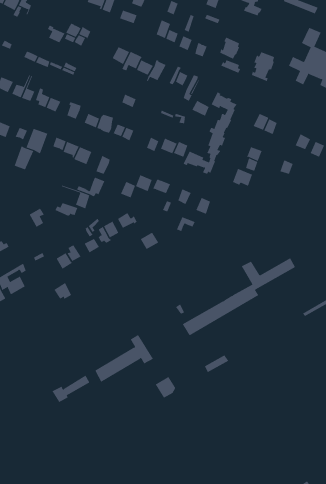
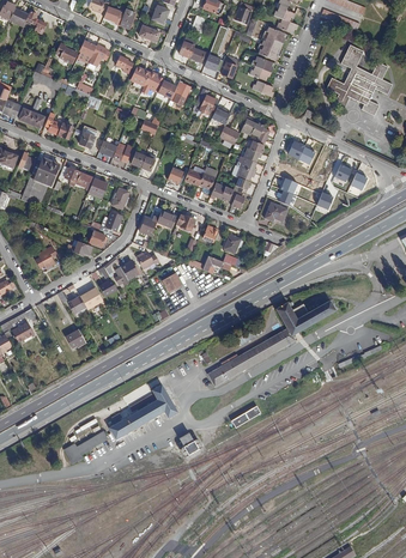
building: [251,52,275,82] -> [257,26,284,60]

